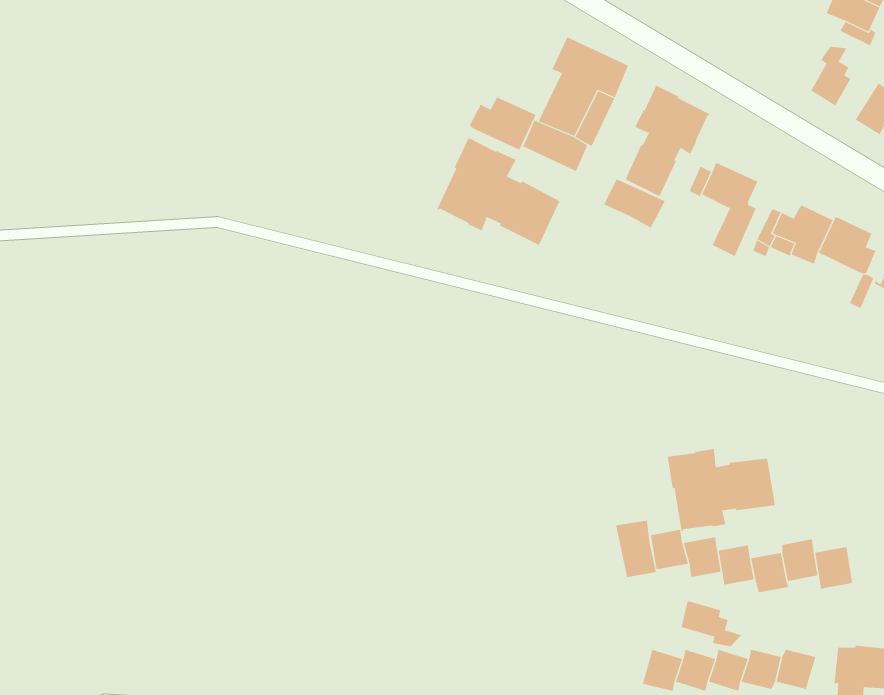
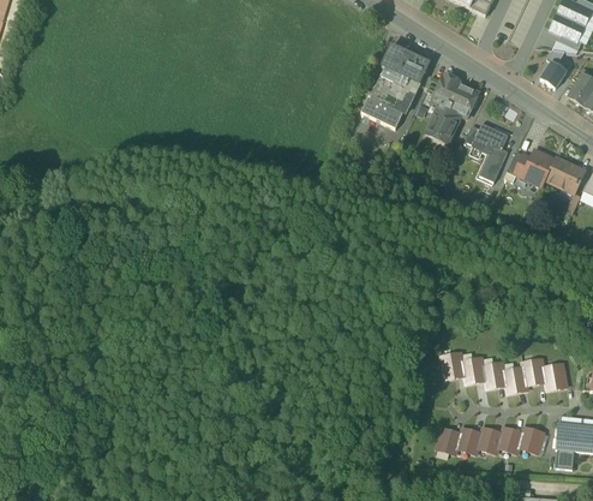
building: [469,96,536,150] -> none
building: [437,137,560,246] -> none
building: [604,178,666,228] -> none
building: [667,448,775,532] -> none
building: [615,520,656,578] -> none
building: [681,600,742,647] -> none

